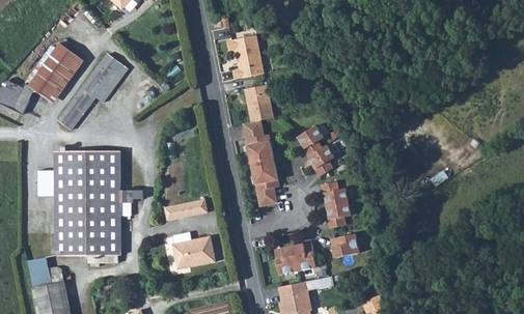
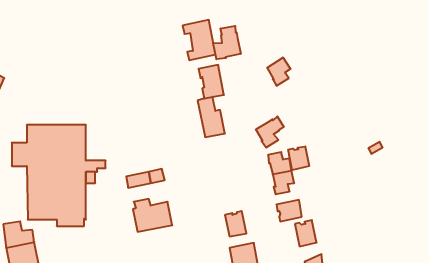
building: none -> [213,26,241,59]
building: [29,41,83,102] -> none
building: [57,50,128,130] -> none
building: [297,124,323,155] -> [267,58,291,86]
building: [251,160,278,205] -> none
building: none -> [288,146,309,170]
building: [292,241,315,270] -> [295,220,317,246]

